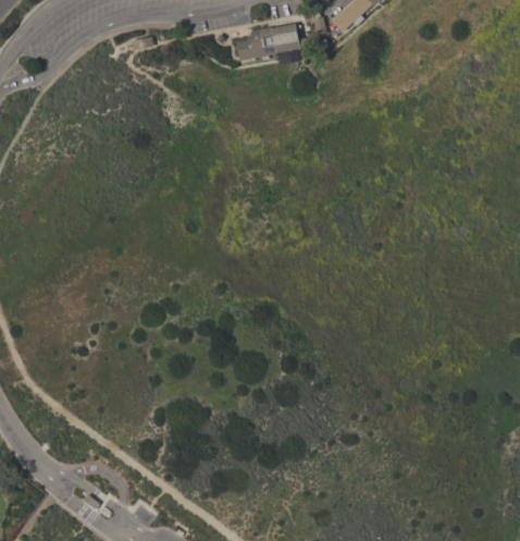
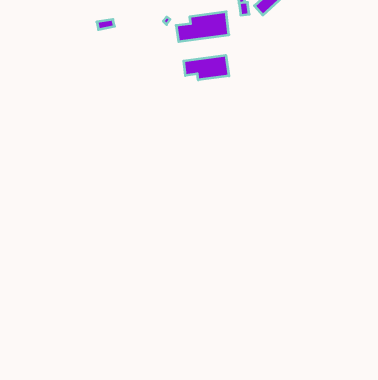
building: none -> [184,55,229,80]

